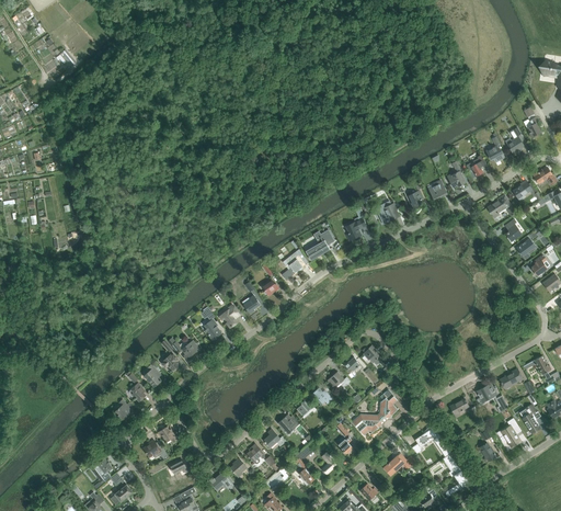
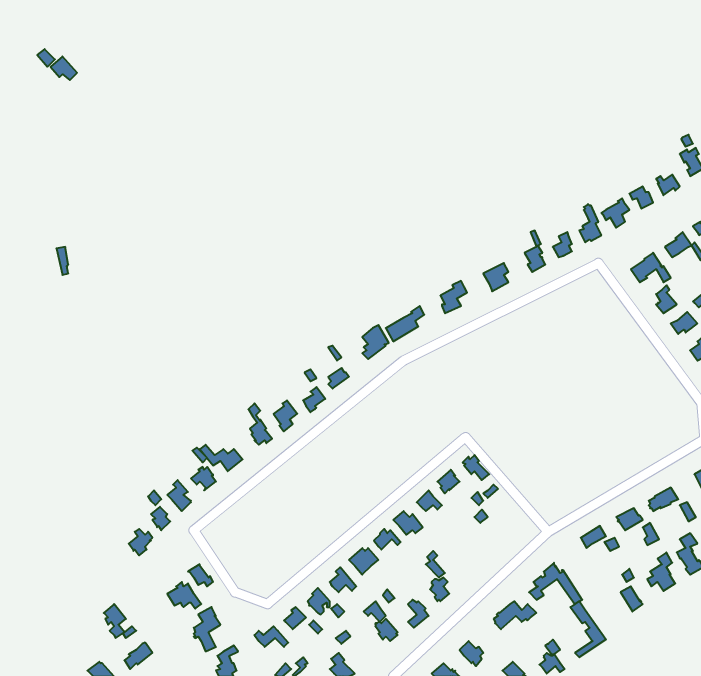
building: [351,390,397,435] -> none

